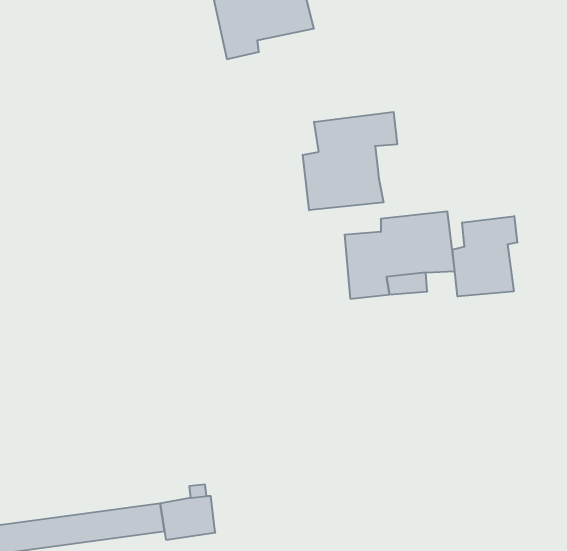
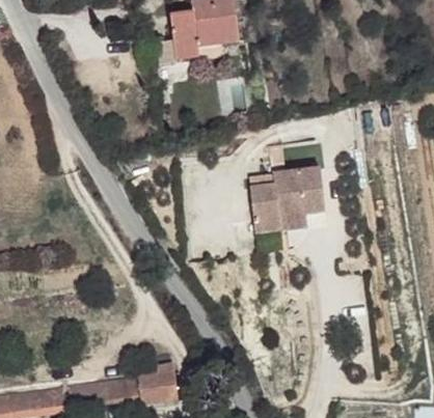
building: [303,112,397,210] -> none
building: [452,216,517,297] -> none

